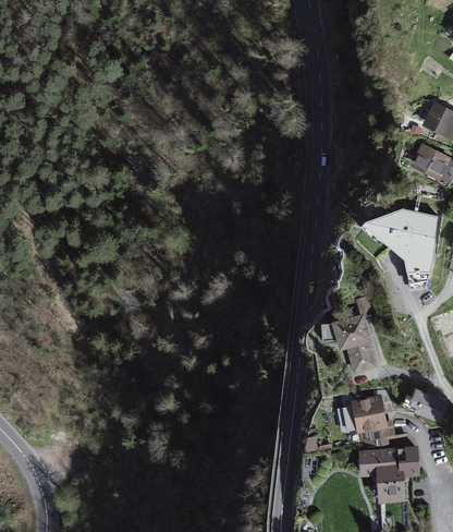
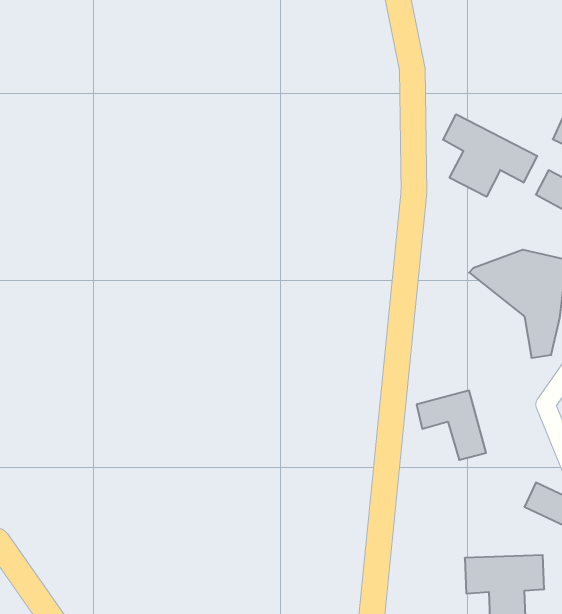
building: none -> [443,114,537,197]
building: [352,392,396,440] -> none

